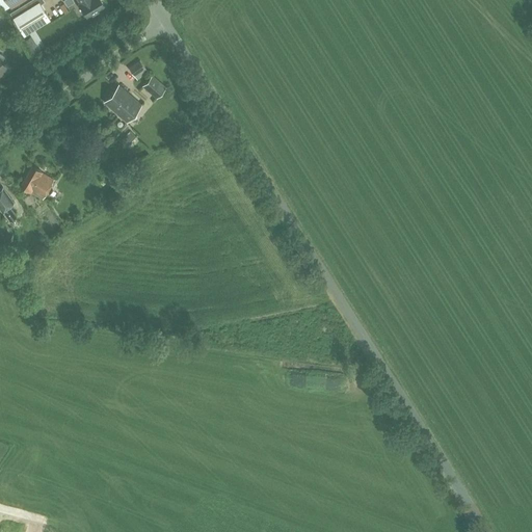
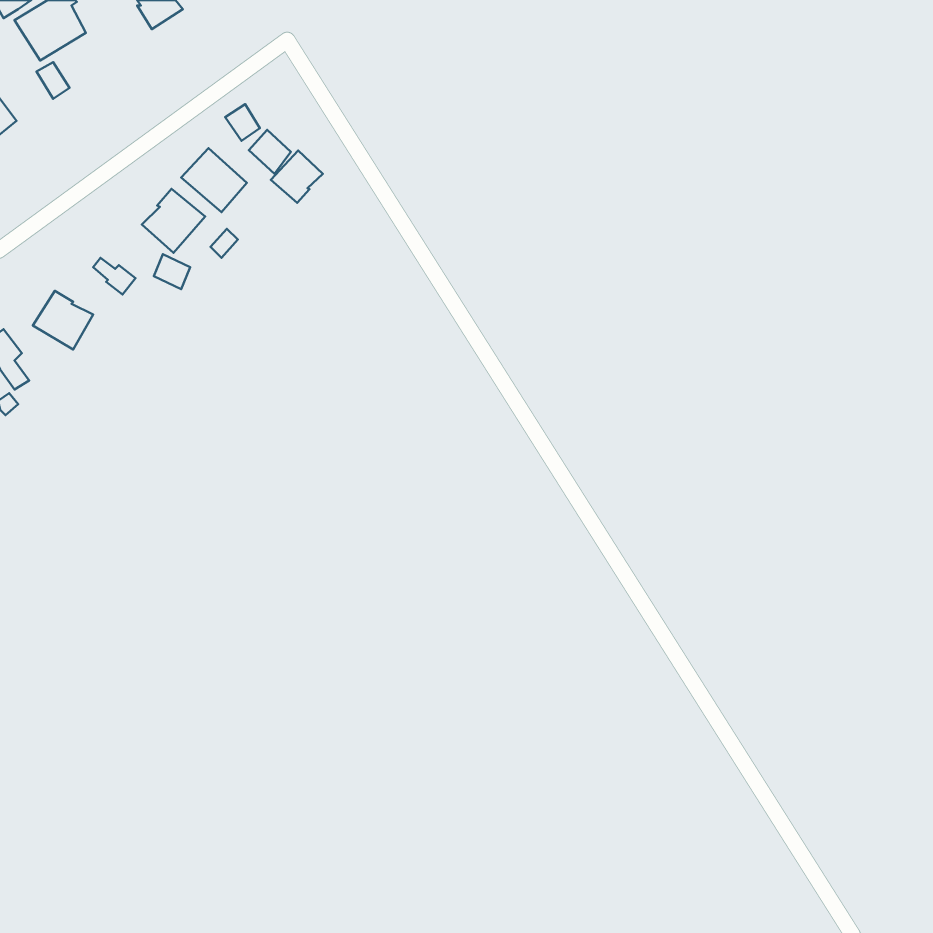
building: none -> [271,150,323,203]
building: none -> [142,189,205,253]

